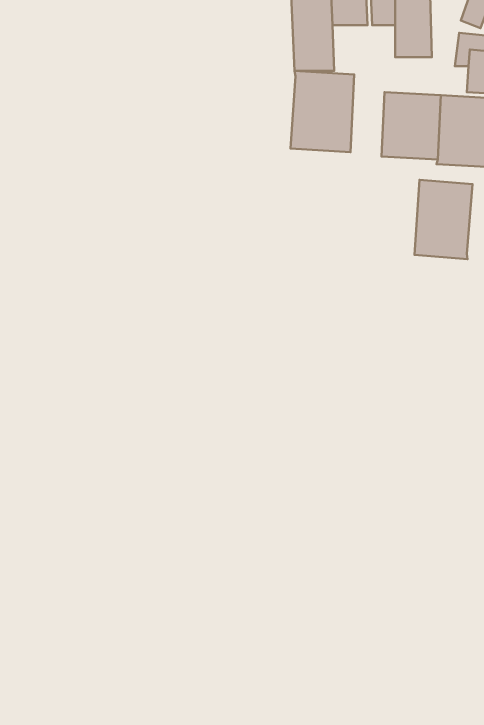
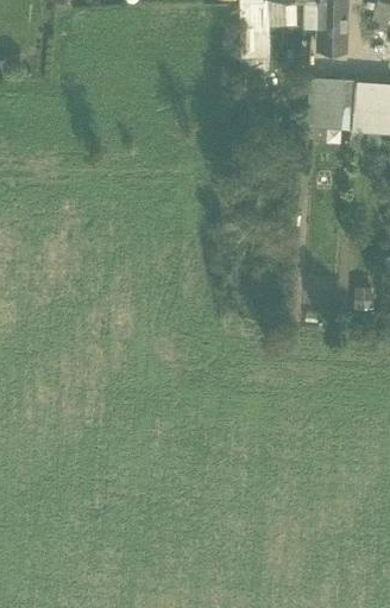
building: [291,71,354,152] -> none
building: [414,180,473,259] -> none

